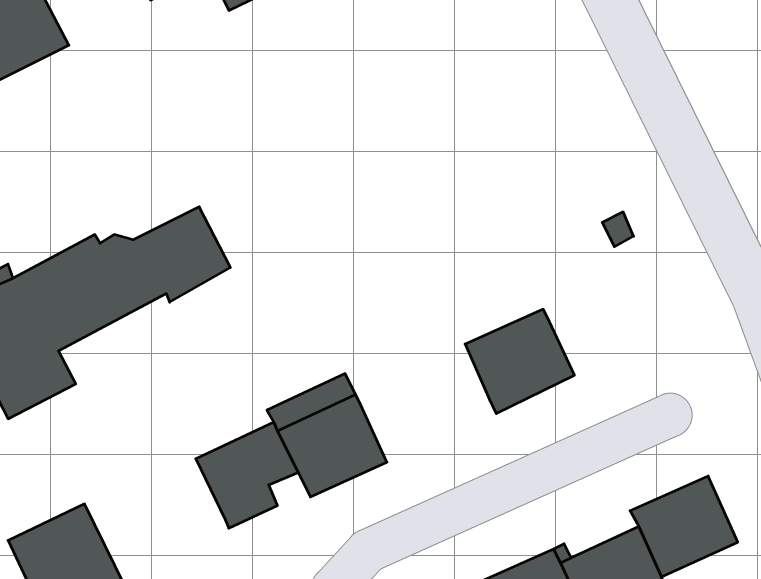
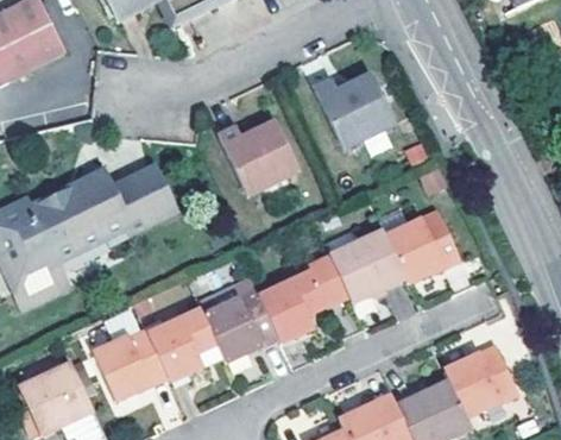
building: none -> [314,71,392,144]
building: none -> [218,117,296,188]
building: none -> [386,213,460,283]
building: none -> [258,256,347,341]
building: none -> [92,328,166,400]

